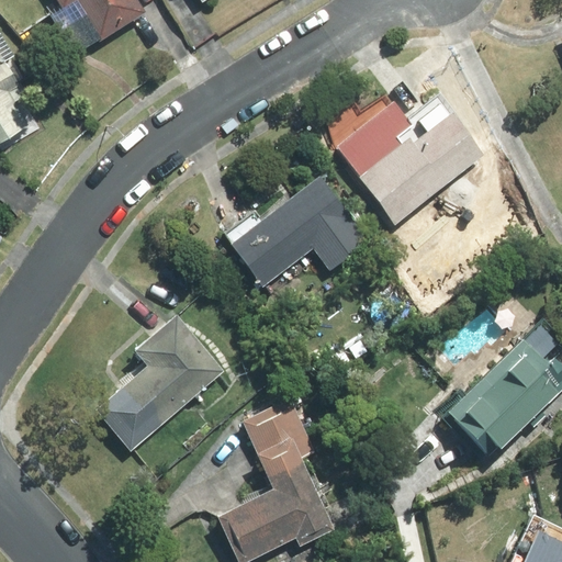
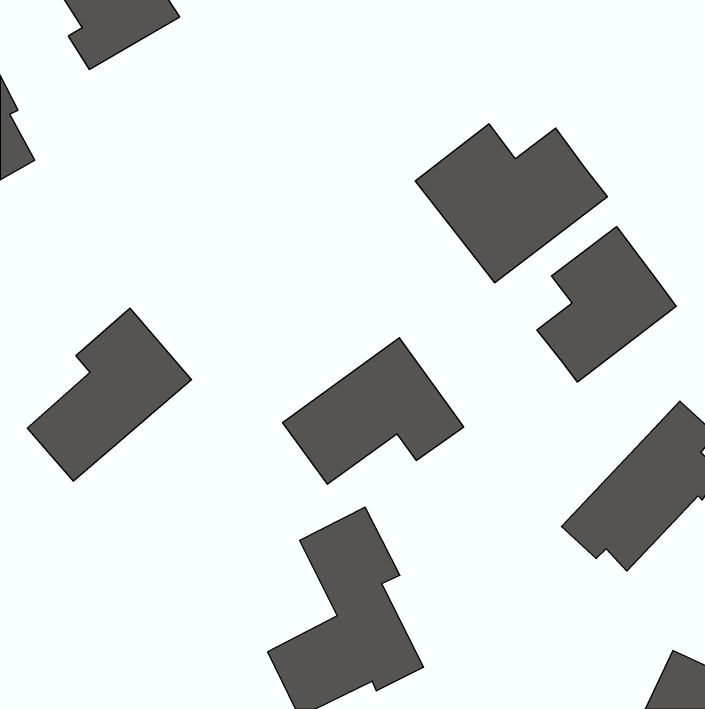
building: [227,175,370,290] -> [283,338,464,484]
building: none -> [537,227,676,382]
building: [95,314,225,450] -> [27,308,192,481]

